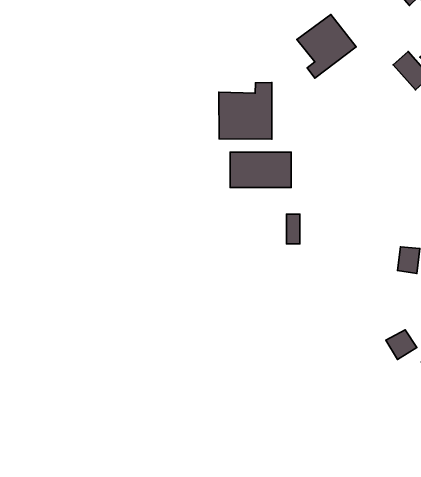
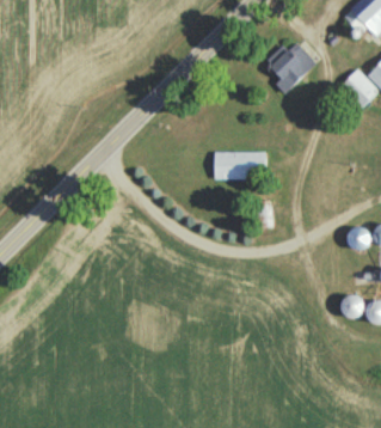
building: [219,83,272,139] -> none

